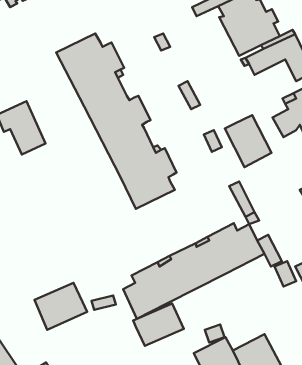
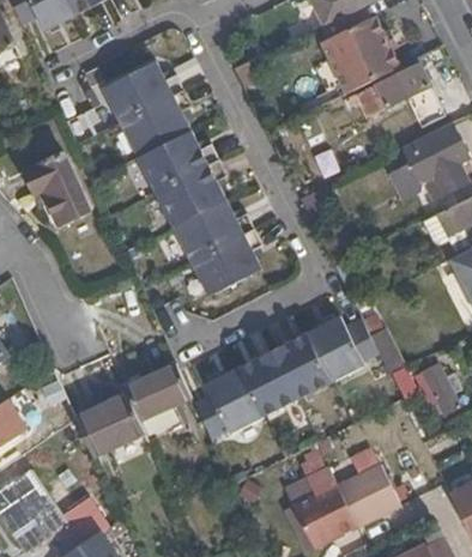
building: [225,115,271,167] -> none
building: [133,303,184,346] -> [122,363,189,419]

